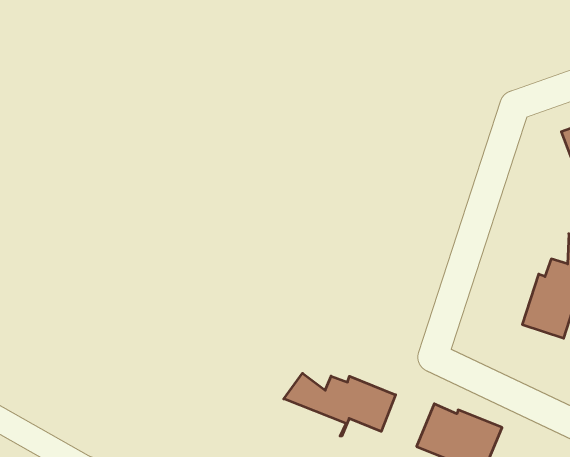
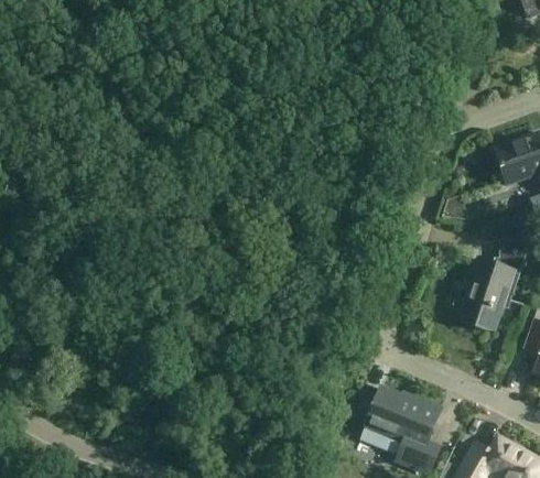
building: [284,373,396,436] -> none

